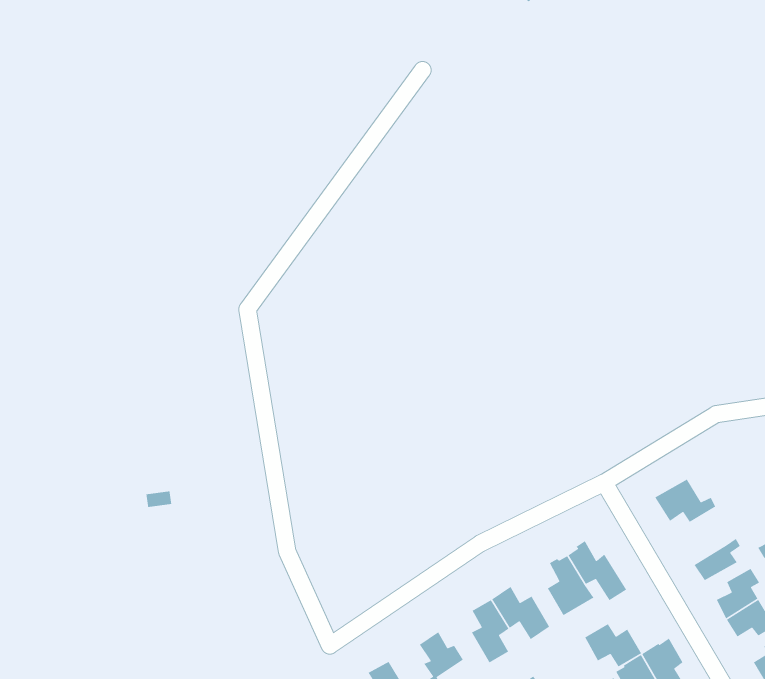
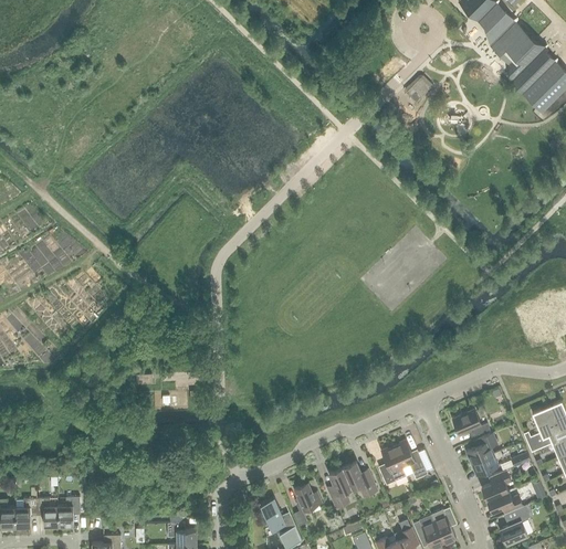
building: none -> [465,433,496,464]
building: [584,623,642,667] -> none

